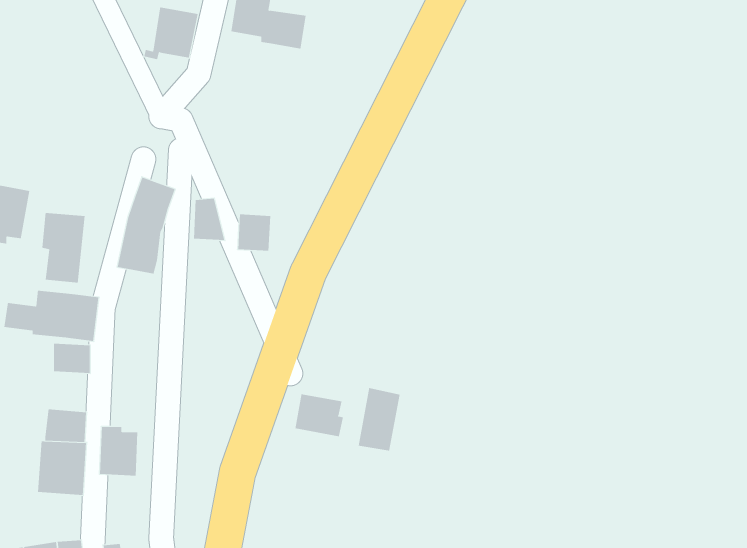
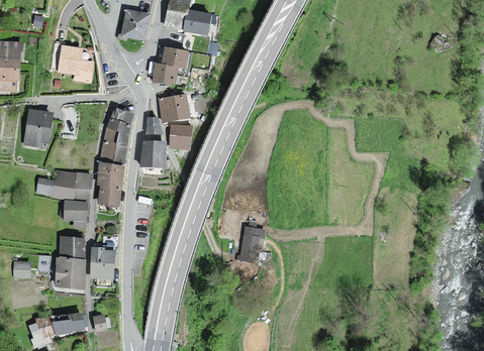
building: none -> [58,45,92,82]
building: none -> [155,47,187,83]
building: none -> [160,96,188,121]
building: [41,212,86,283] -> [98,164,123,205]
building: none -> [141,142,164,167]
building: [295,393,344,437] -> none

